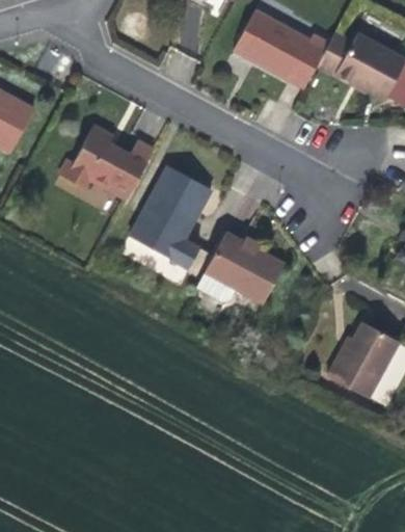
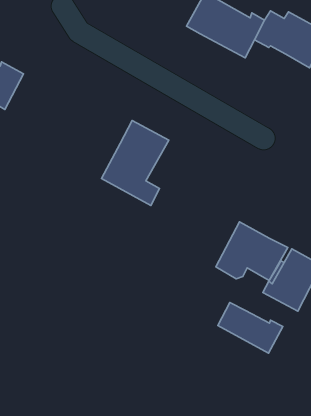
building: [59,125,154,200] -> none
building: [197,232,286,303] -> [216,222,288,281]
building: none -> [218,303,283,353]

